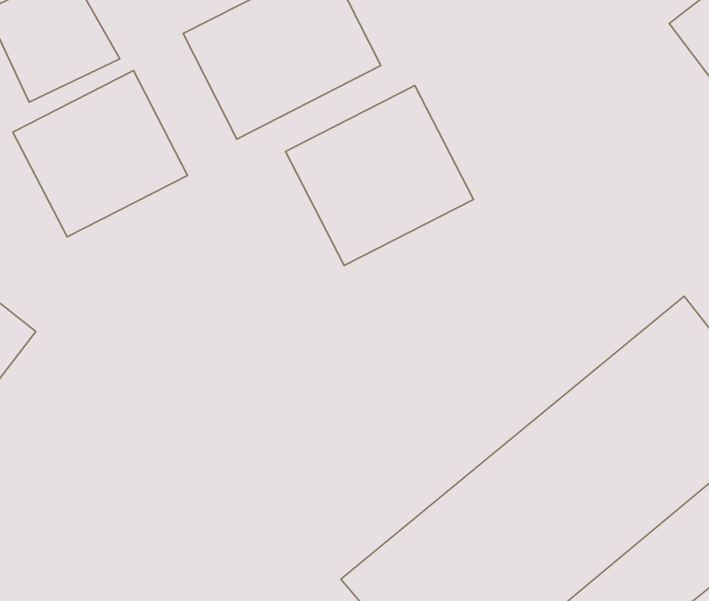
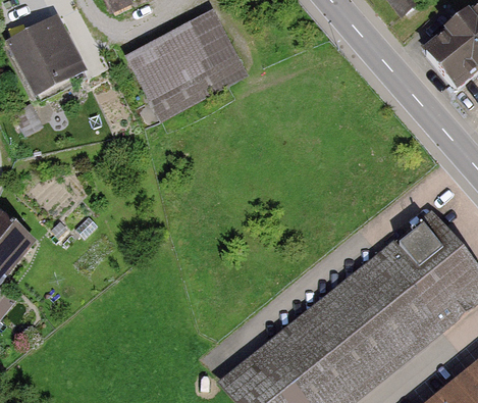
building: [13,70,188,237] -> none
building: [286,85,474,265] -> none

